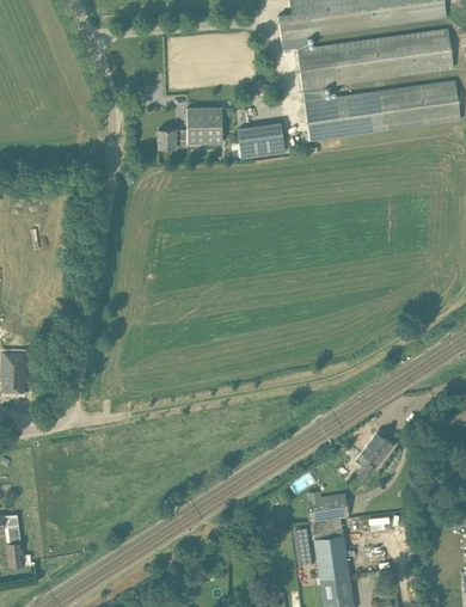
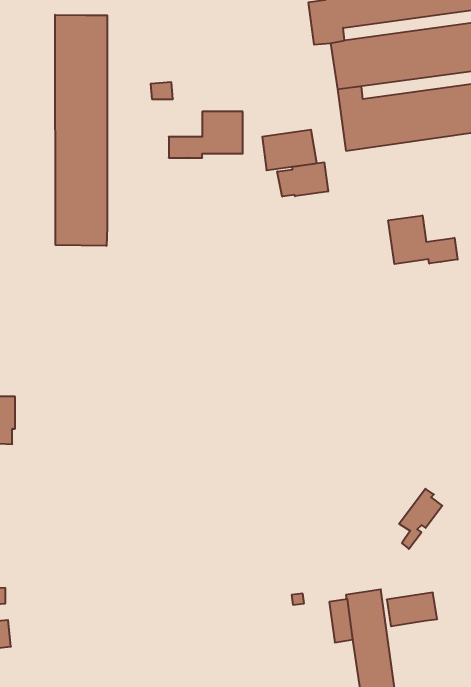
building: none -> [55,15,107,246]
building: none -> [277,162,328,197]
building: none -> [388,215,458,264]
building: [307,492,350,521] -> [387,593,437,626]

